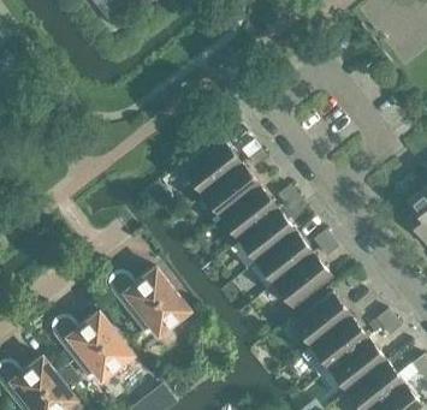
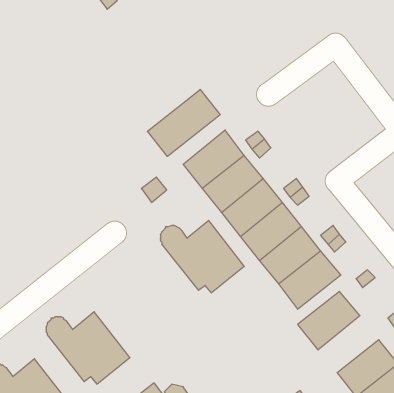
building: none -> [147,89,220,156]
building: [109,267,189,335] -> [160,221,244,293]
building: [310,315,368,369] -> none

